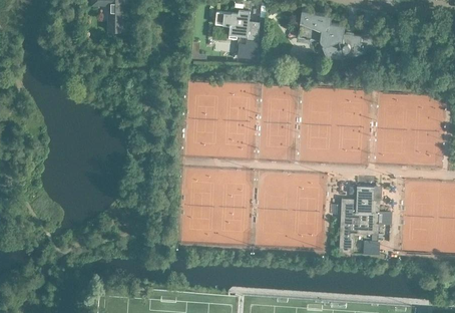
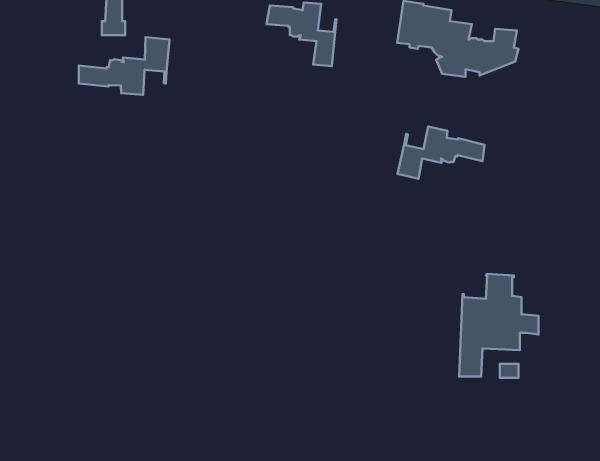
building: none -> [79,37,169,95]
building: none -> [397,126,485,179]

